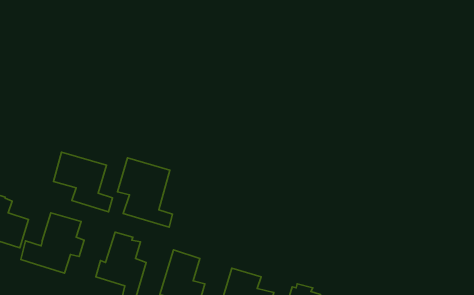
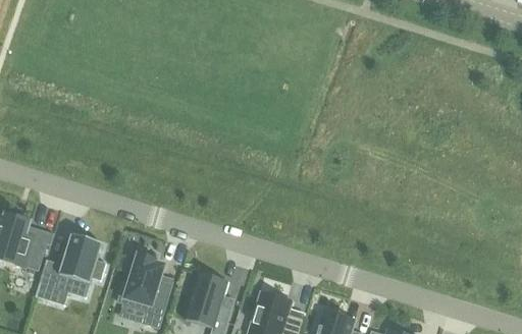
building: [54,152,113,212] -> none
building: [118,158,172,227] -> none

